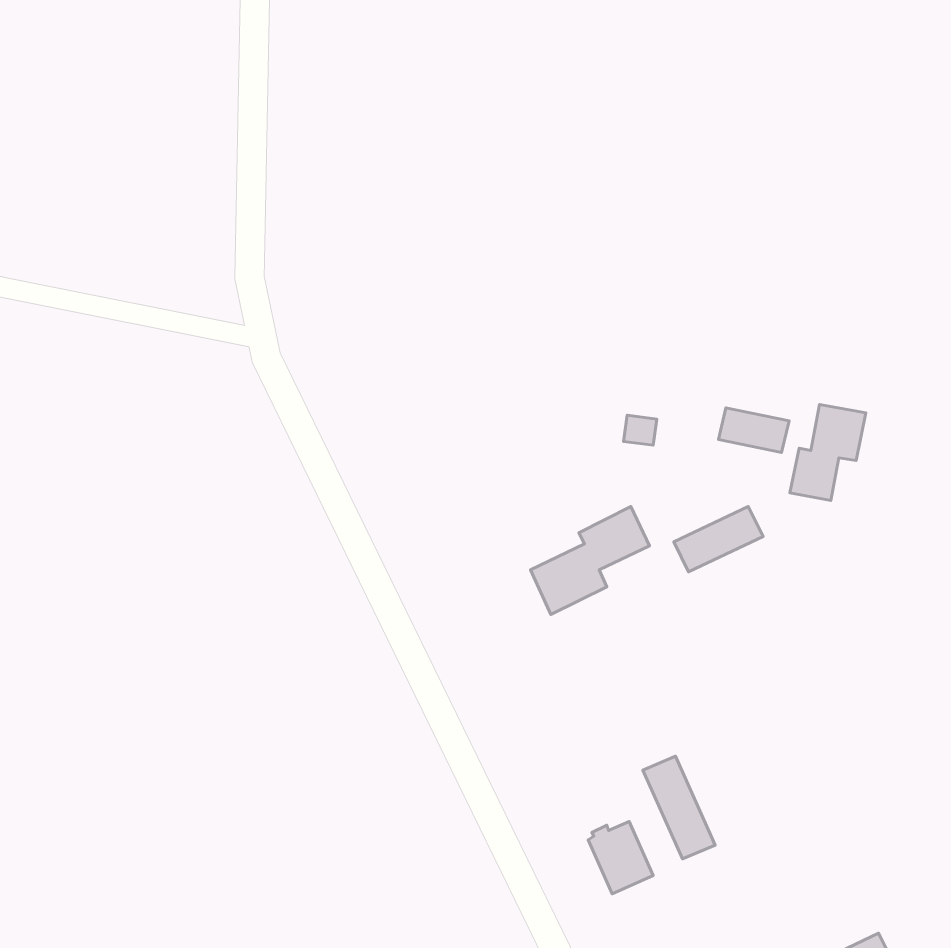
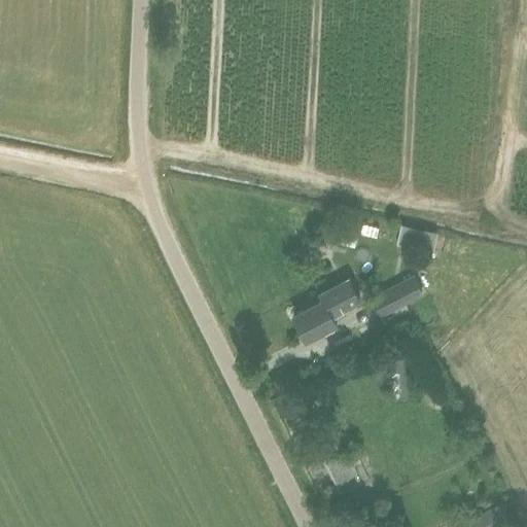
building: [790,405,866,501] -> none
building: [643,756,715,859] -> none

